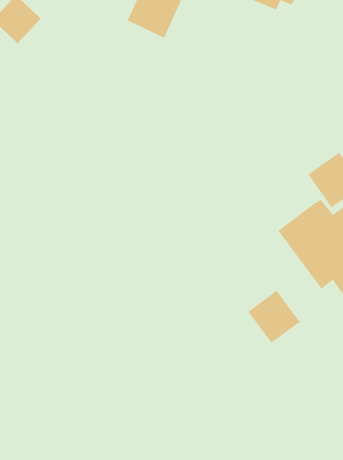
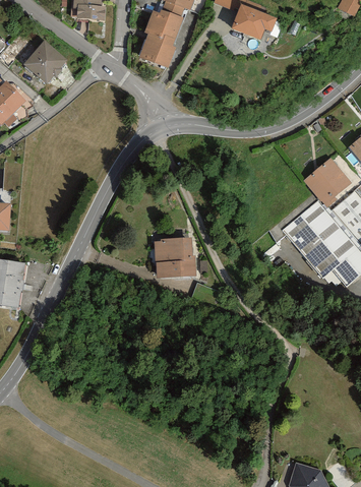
building: none -> [151,237,191,278]
building: [248,290,301,344] -> none

